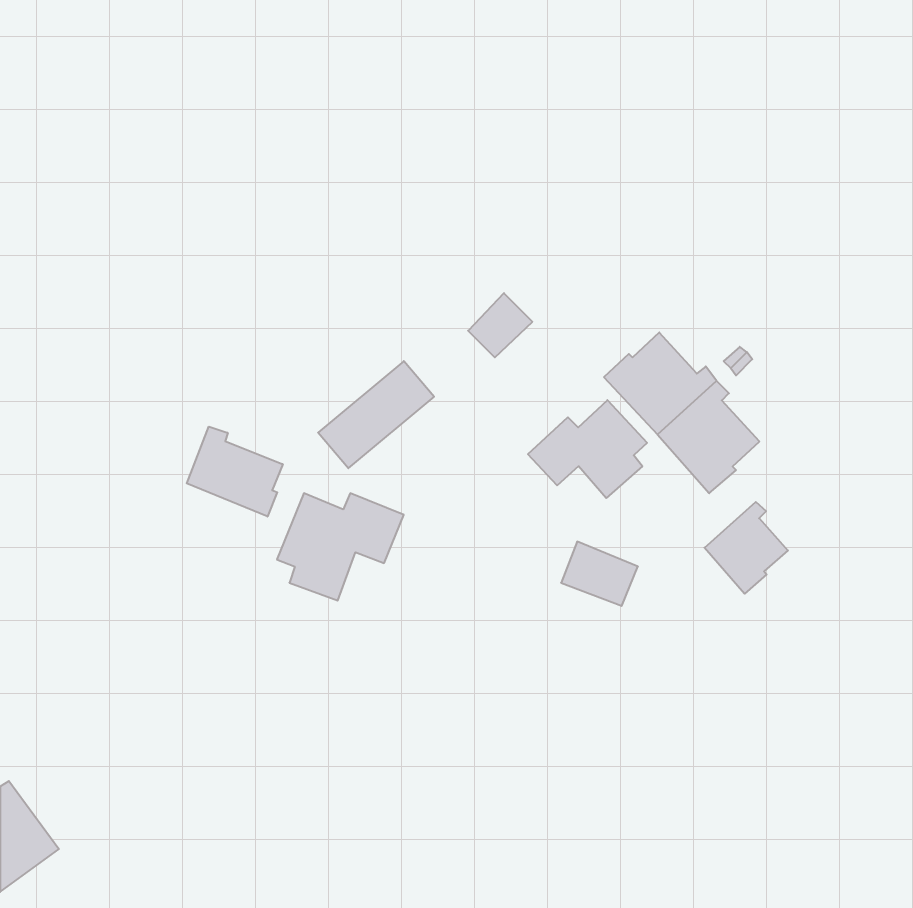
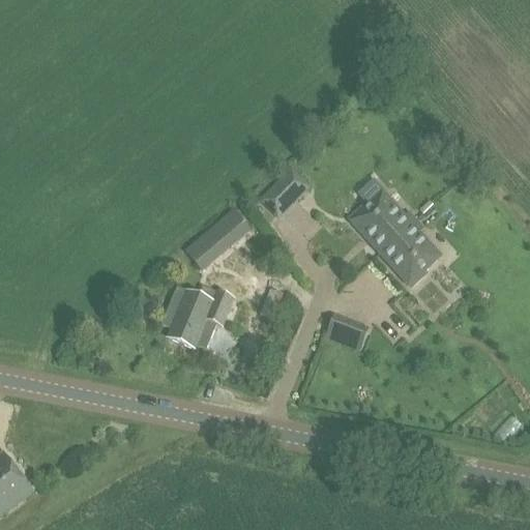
building: [528,400,647,498] -> none
building: [187,427,283,517] -> none
building: [704,502,788,594] -> none

